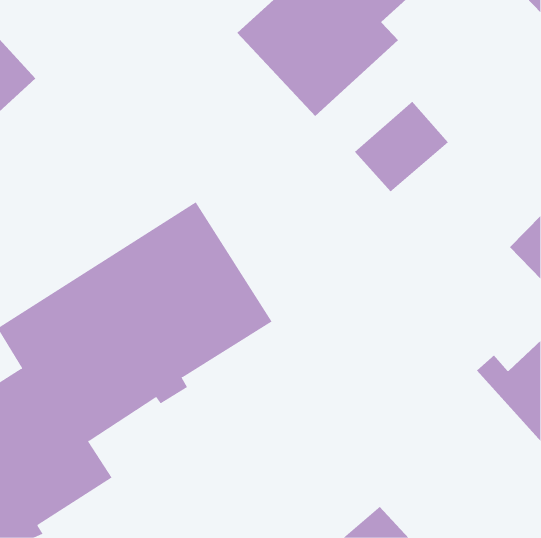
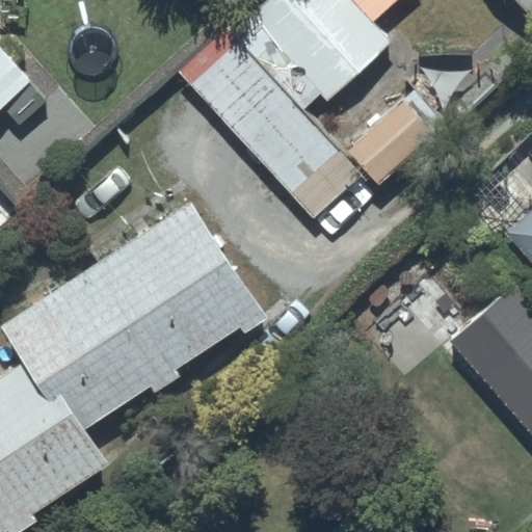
building: none -> [178,26,364,220]

